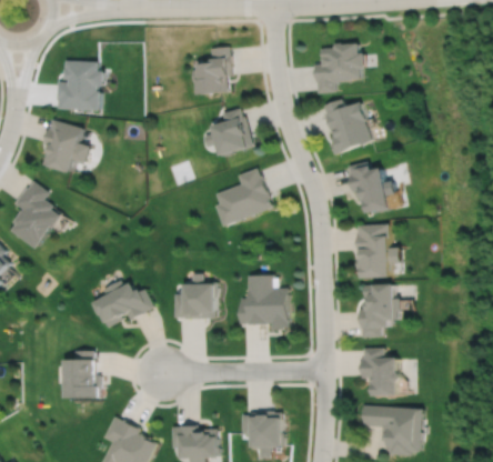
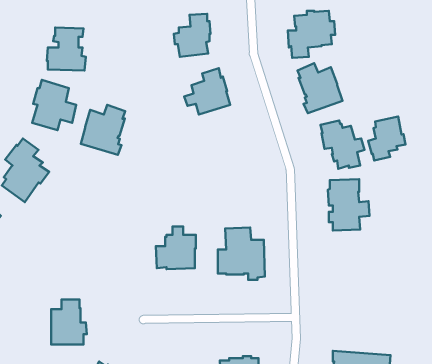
building: none -> [81,105,125,155]
building: none -> [368,117,406,160]
building: [215,168,274,225] -> none
building: [92,280,154,328] -> none
building: [360,284,401,338] -> none
building: [362,348,403,396] -> none

